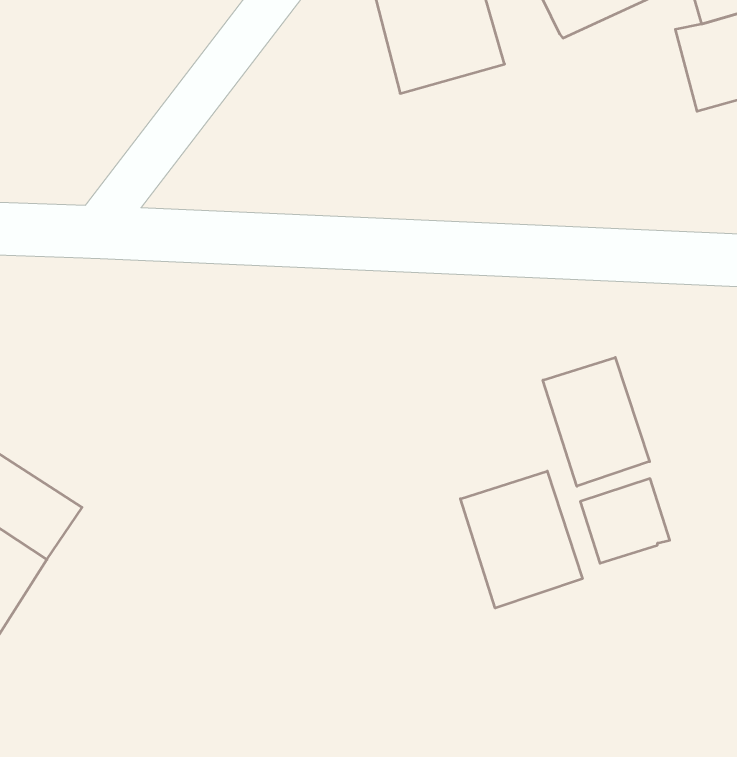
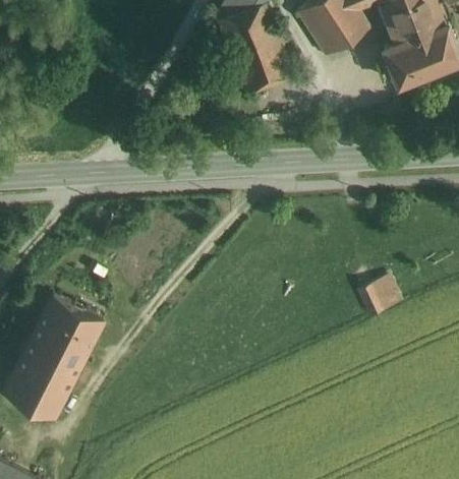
building: [543,357,650,486] -> none
building: [460,471,582,608] -> none

